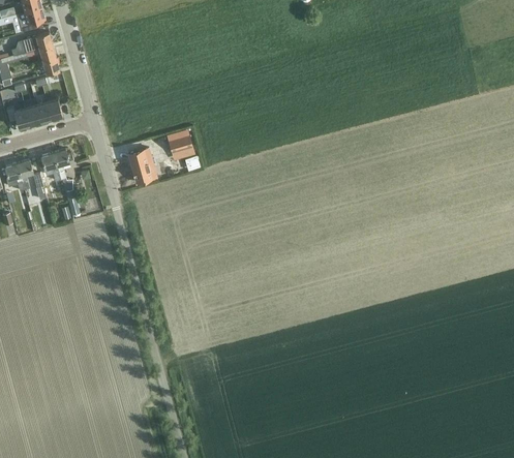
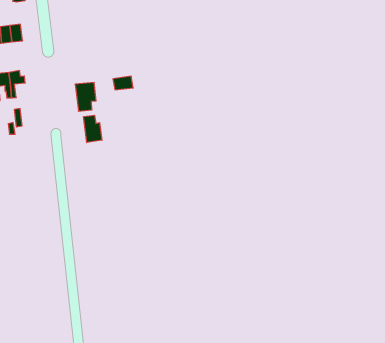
building: none -> [84,115,102,143]

